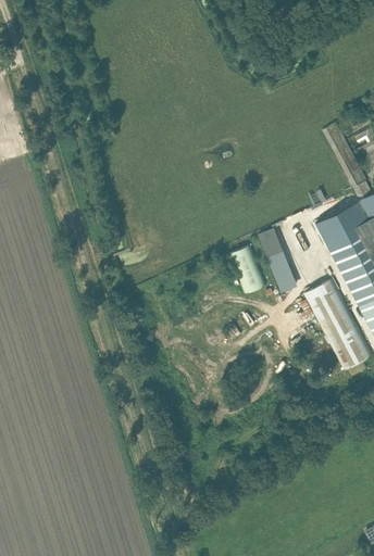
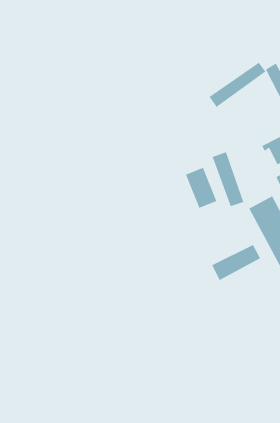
building: none -> [209,62,266,108]
building: none -> [211,244,261,281]

